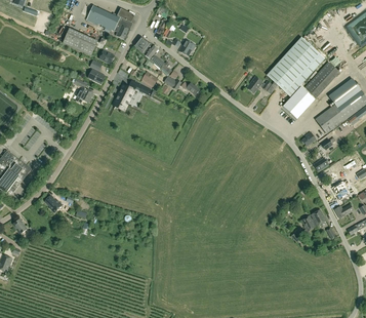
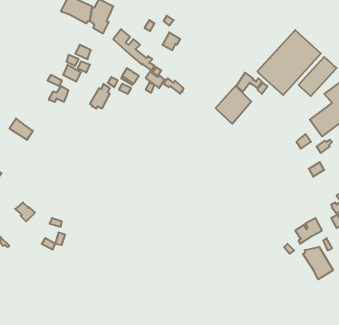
building: [63,28,97,55] -> none
building: [282,86,315,121] -> [216,86,251,124]
building: none -> [303,247,333,279]

